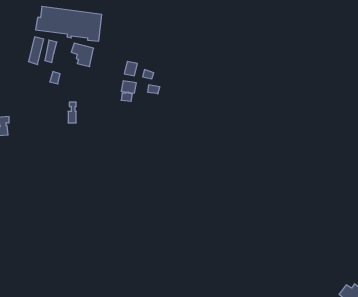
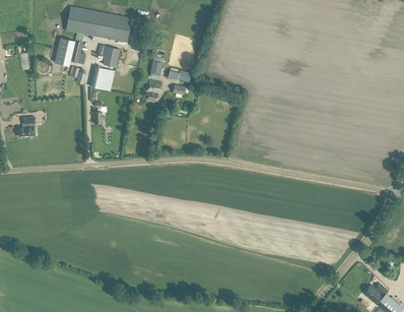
building: none -> [91,66,114,90]

